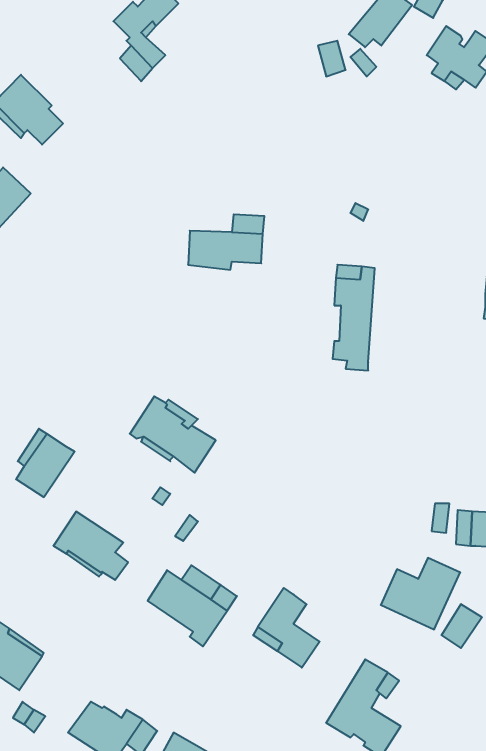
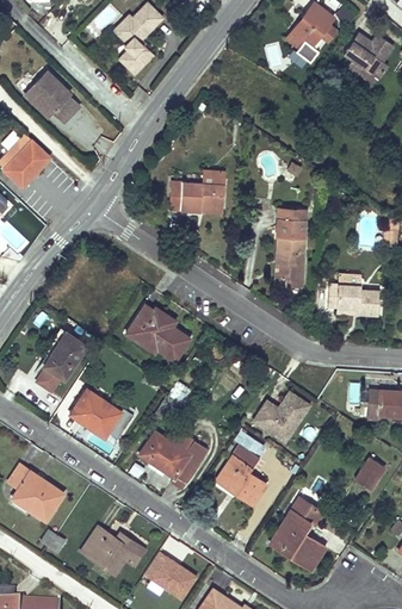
building: none -> [328,284,379,315]
building: [381,558,460,629] -> [253,391,311,443]

